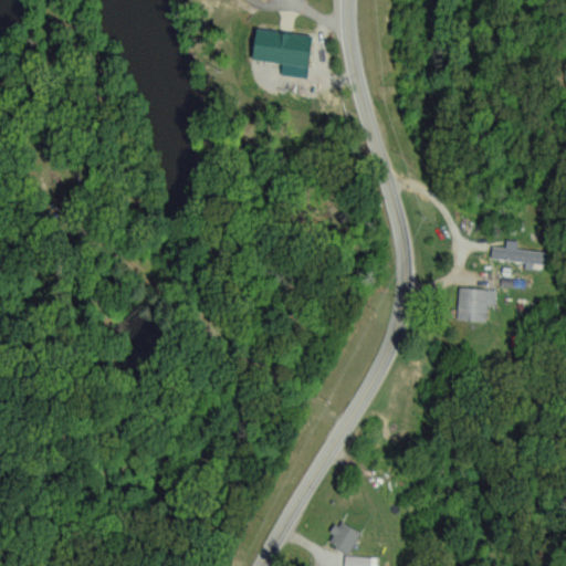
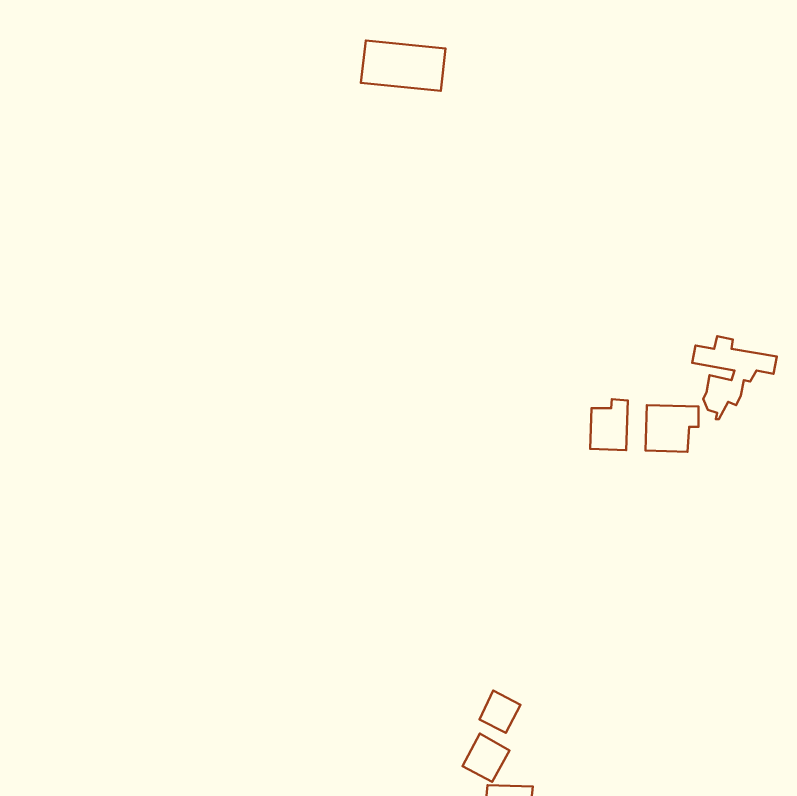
building: none -> [590,399,628,450]
building: none -> [479,691,521,733]

